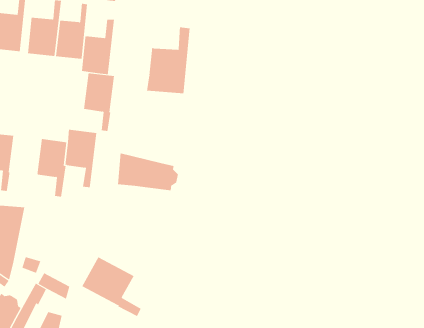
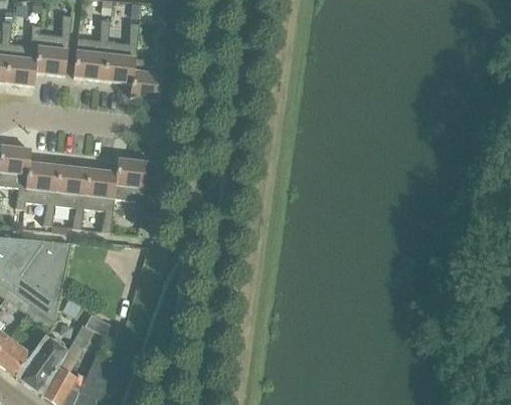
building: [147,27,190,94] -> none
building: [83,73,115,132] -> [52,165,87,228]
building: [117,153,178,191] -> none
building: [81,257,141,317] -> none

